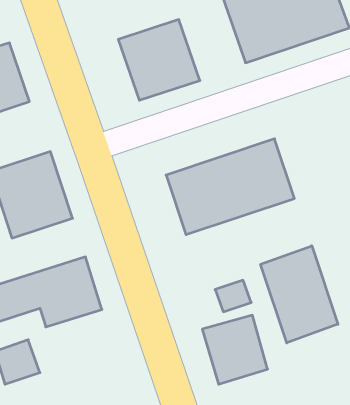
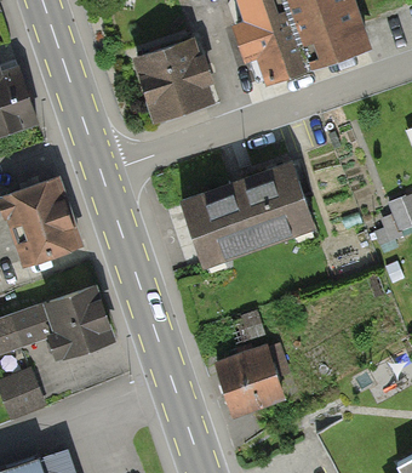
building: [261,246,338,343] -> none

